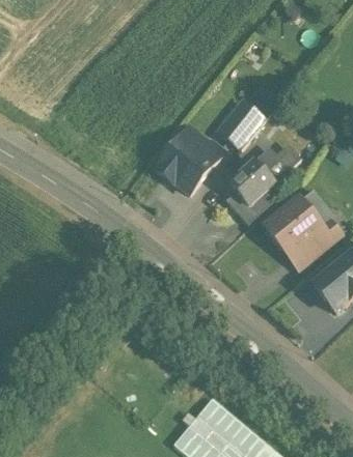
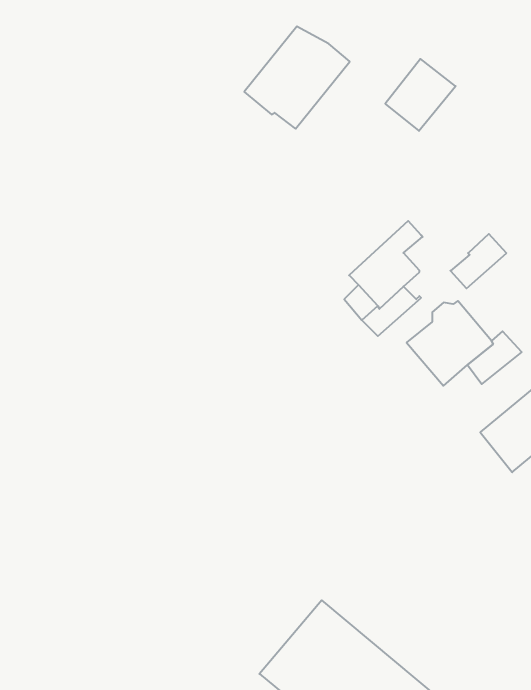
building: [218,101,264,147] -> [385,59,456,131]
building: [156,125,224,192] -> [244,26,350,129]
building: [264,145,300,180] -> [450,234,506,288]

